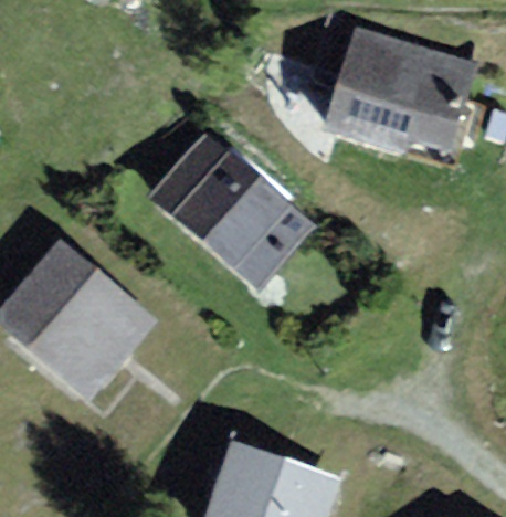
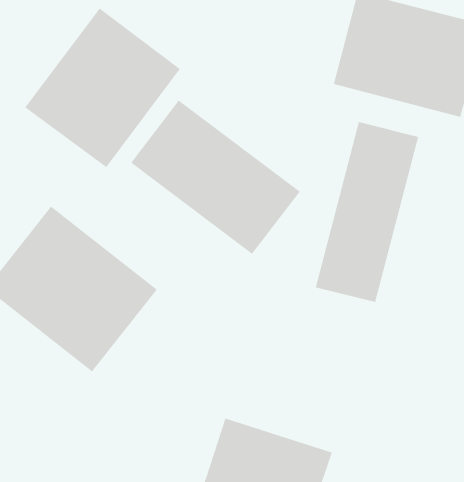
building: none -> [24,7,181,168]
building: none -> [315,121,419,303]

